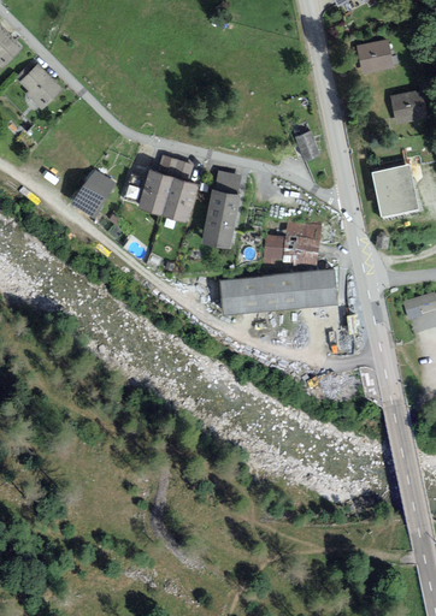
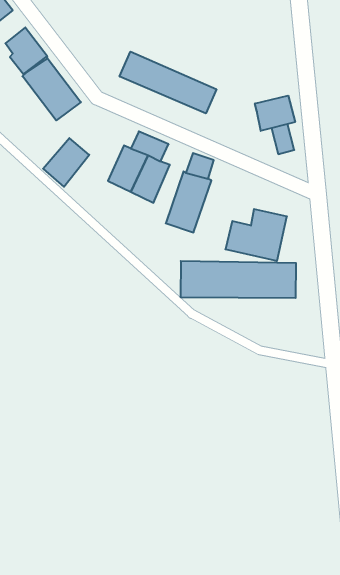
building: none -> [120,52,216,113]
building: none -> [22,58,81,120]
building: none -> [255,96,295,131]

